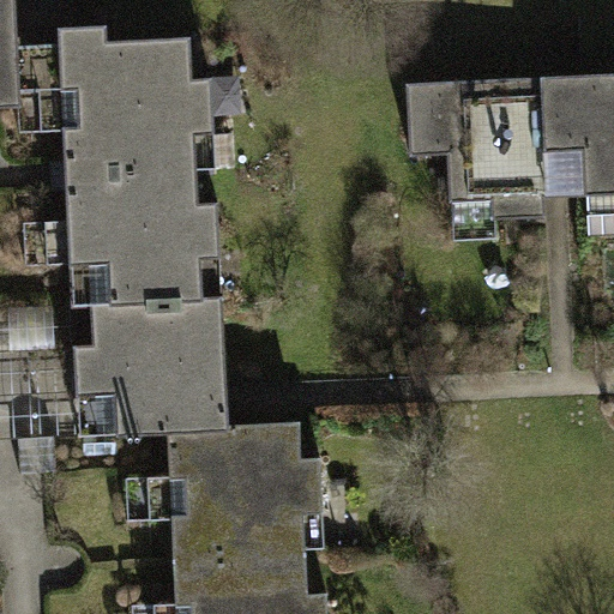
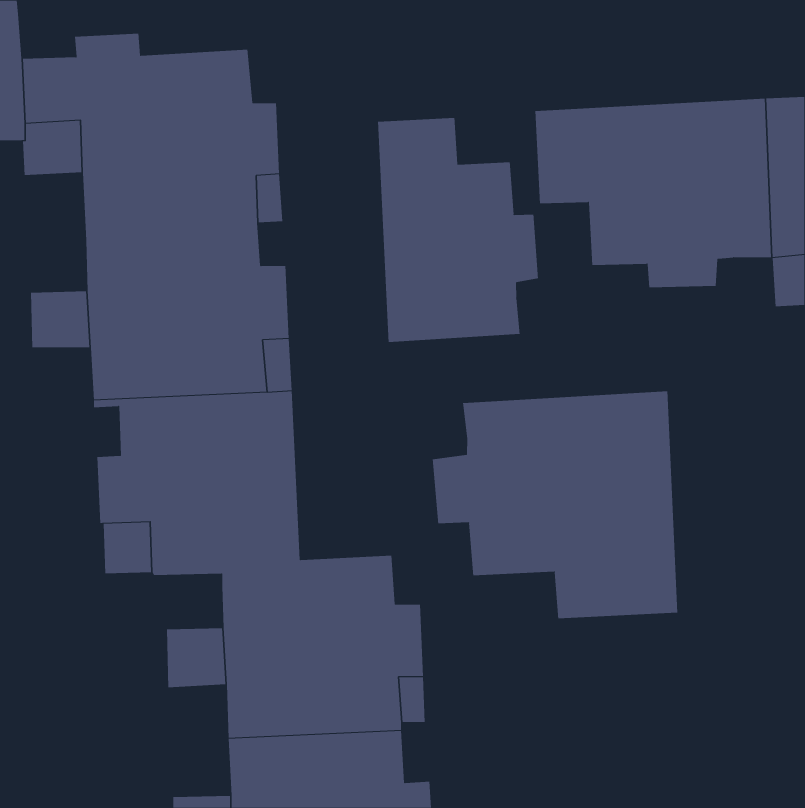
building: none -> [378,117,539,343]
building: none -> [432,390,678,619]

